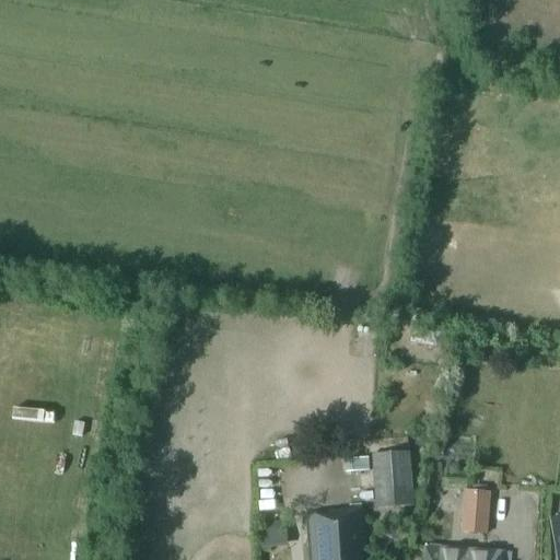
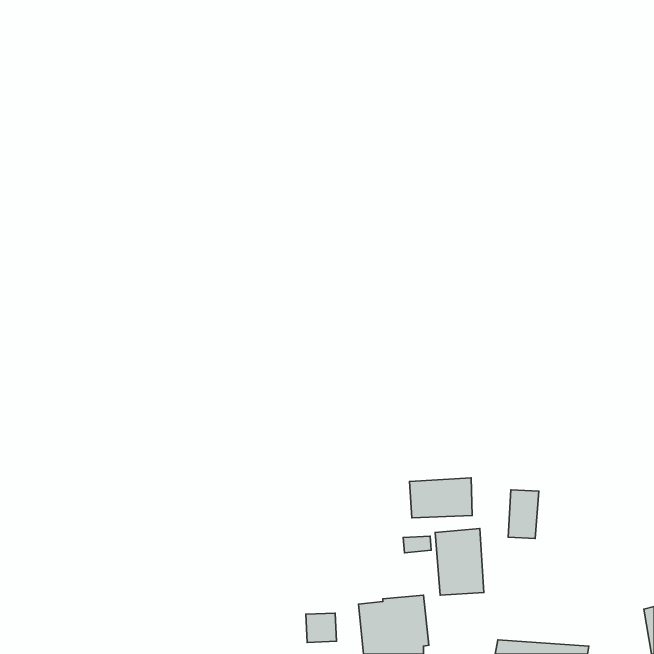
building: none -> [410,478,472,518]
building: [463,492,489,534] -> [508,490,539,538]

